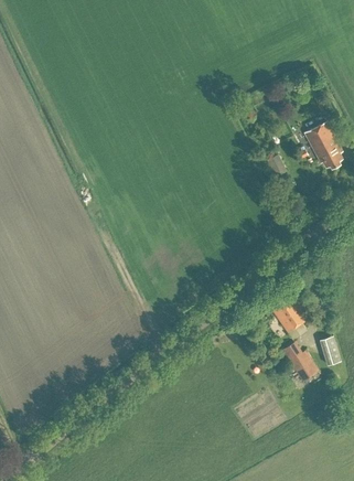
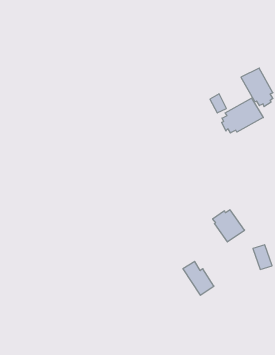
building: none -> [222,98,263,133]
building: [281,342,319,383] -> [183,261,214,295]

